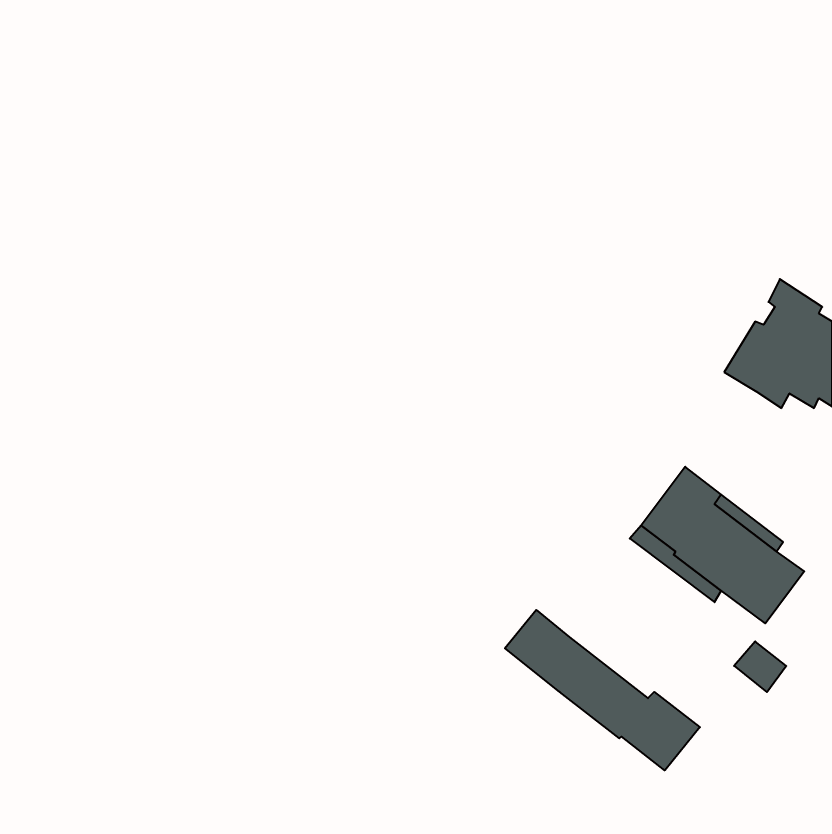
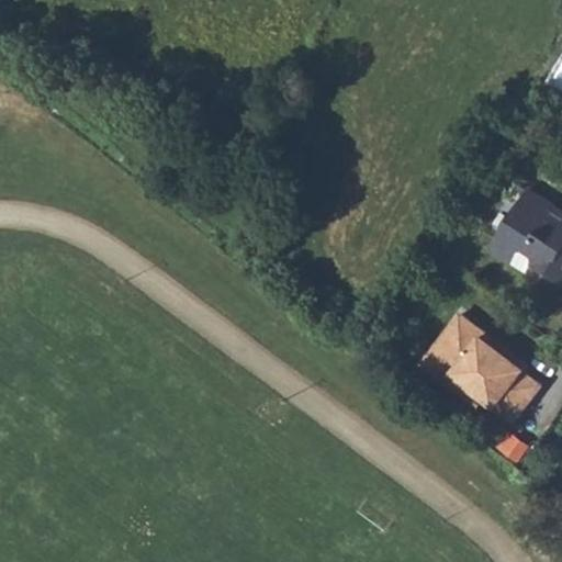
building: [505,610,700,770] -> none

